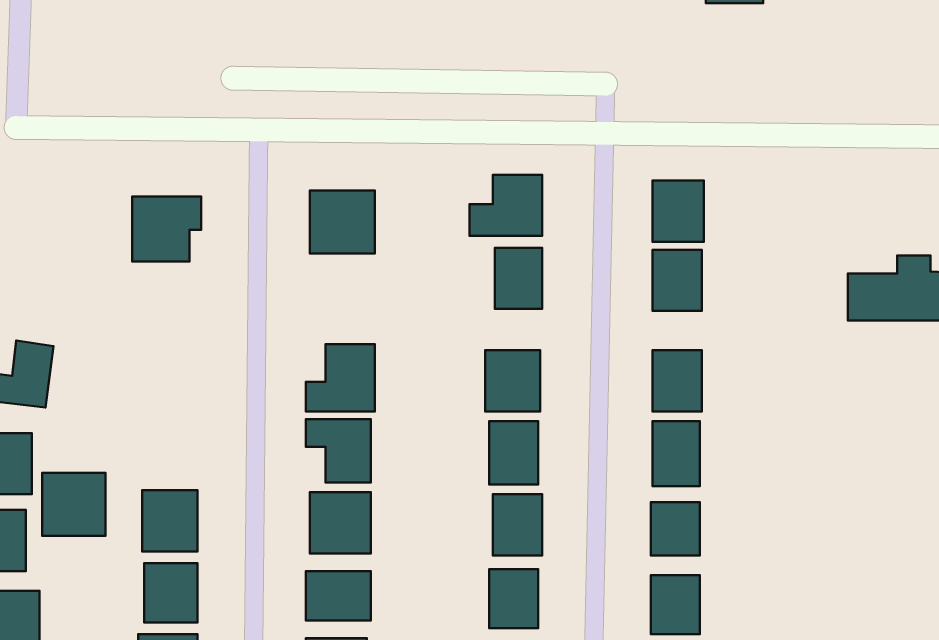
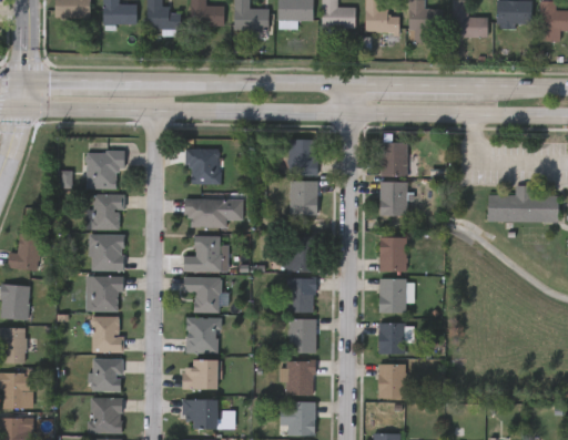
building: none -> [92,194,122,229]
building: none -> [184,198,242,227]
building: none -> [91,235,124,270]
building: [42,473,105,536] -> [87,276,122,311]

